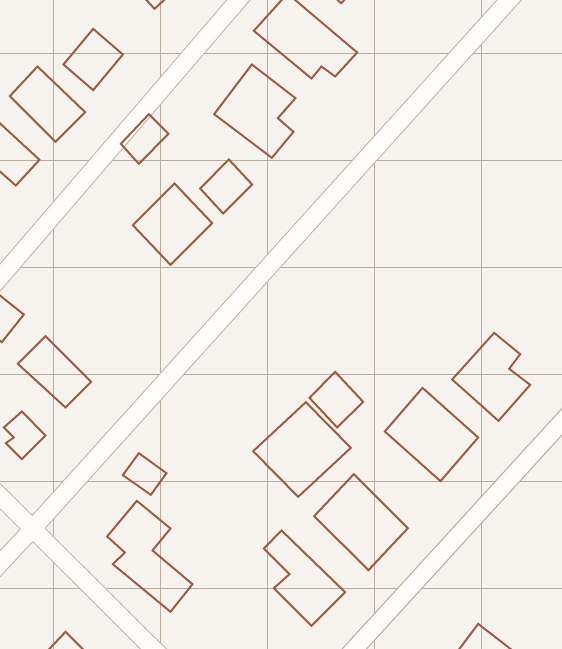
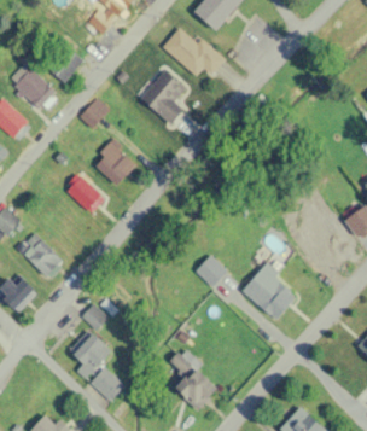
building: [200,160,252,213] -> none
building: none -> [66,177,104,212]
building: [452,333,530,421] -> none
building: [253,402,351,497] -> none
building: [314,474,408,570] -> none

